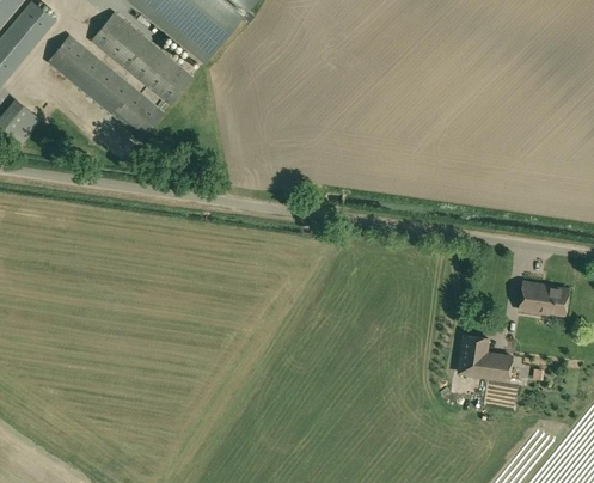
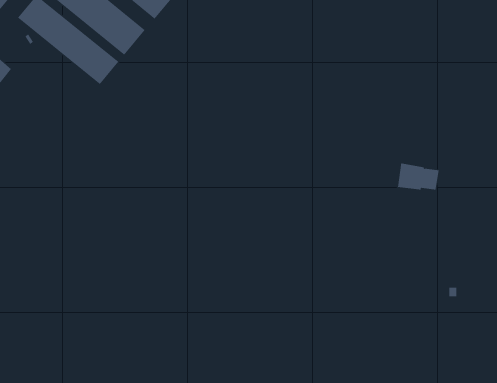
building: [519,281,567,312] -> [397,163,439,190]
building: [458,335,512,379] -> none

